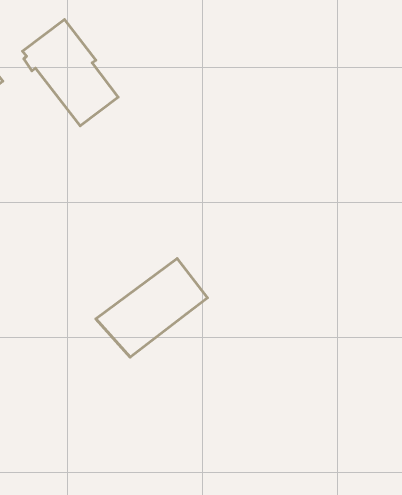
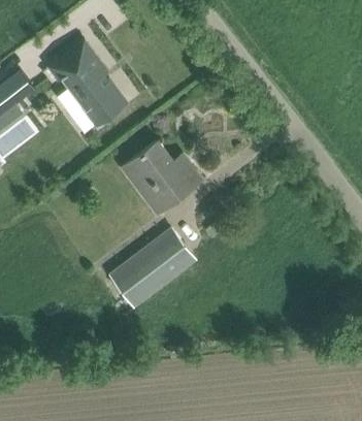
building: none -> [124,141,202,213]

